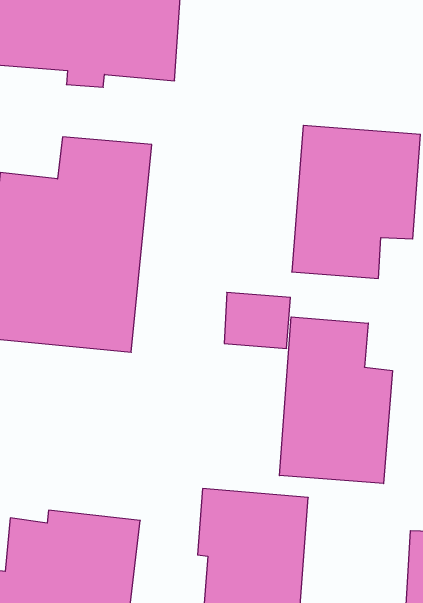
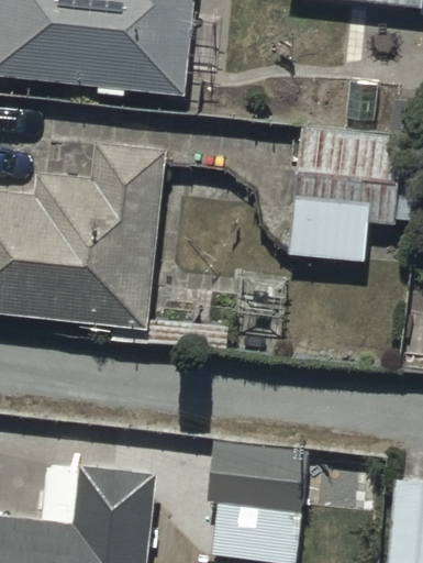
building: [279,317,392,484] -> none

